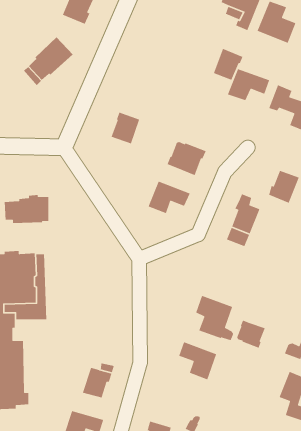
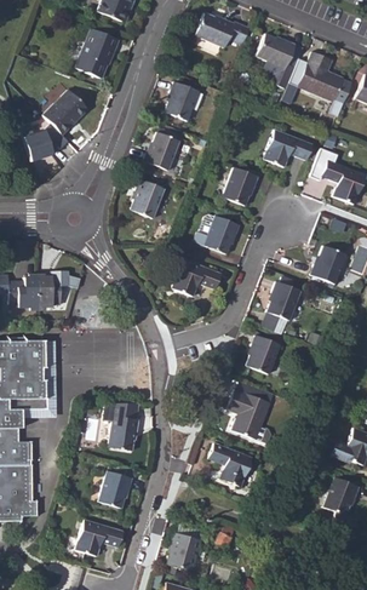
building: none -> [165,80,199,119]
building: [213,48,244,81] -> [224,166,259,204]
building: none -> [144,130,179,168]
building: none -> [248,334,282,373]
building: none -> [103,401,139,449]
building: [236,319,266,349] -> none

